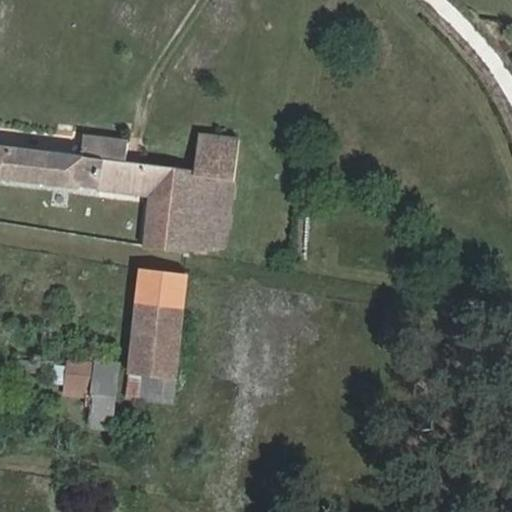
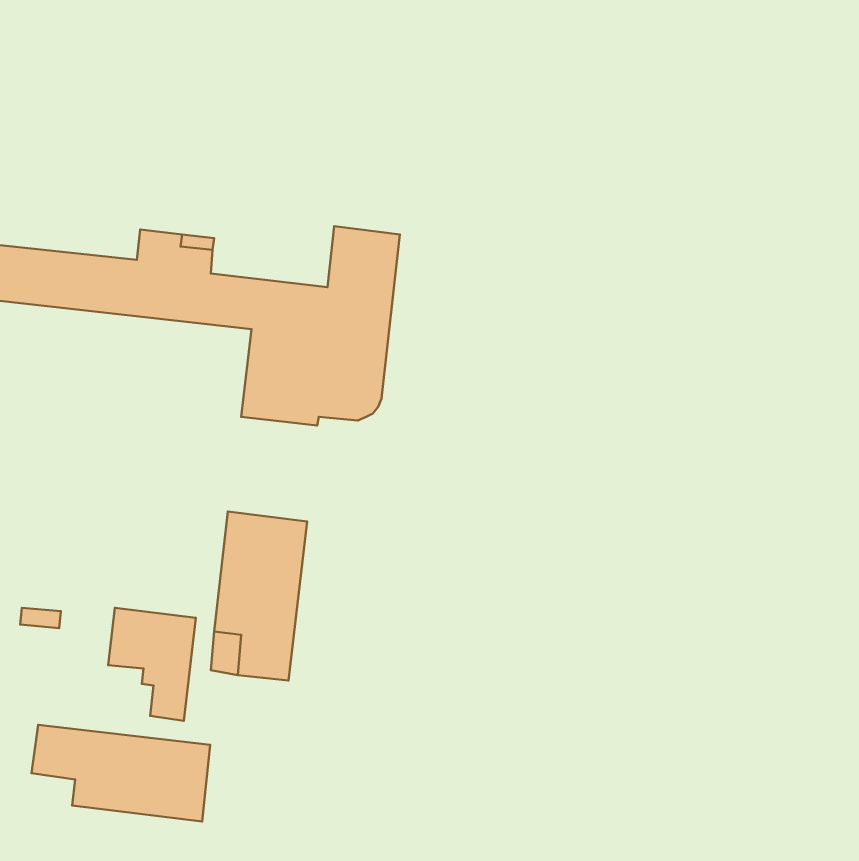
building: [135,268,186,309] -> none
building: none -> [32,725,210,821]

